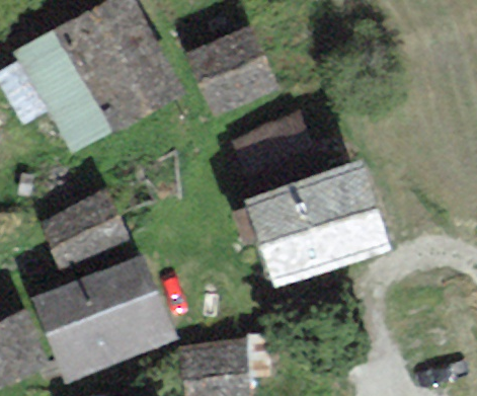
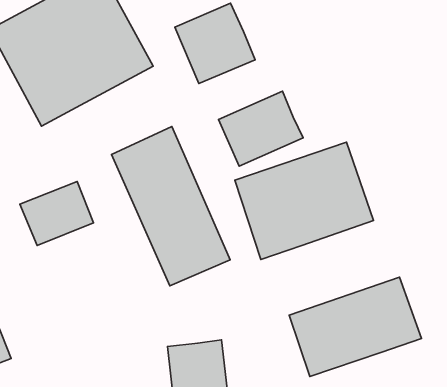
building: none -> [112,127,230,286]
building: [36,260,169,375] -> none
building: none -> [289,277,422,377]

